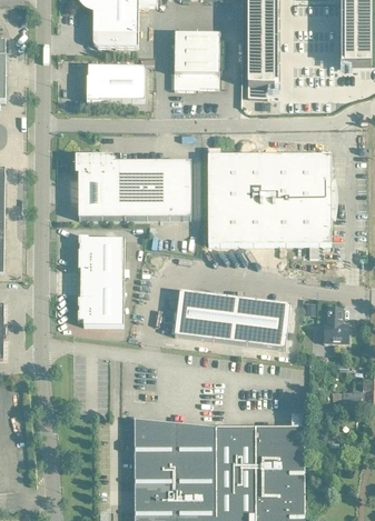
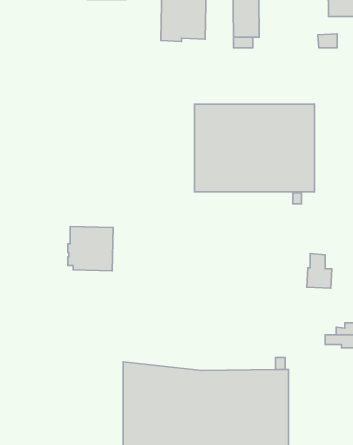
building: [87,64,145,100] -> none
building: [76,153,191,218] -> none
building: [78,234,125,280] -> none
building: [175,289,290,348] -> none

